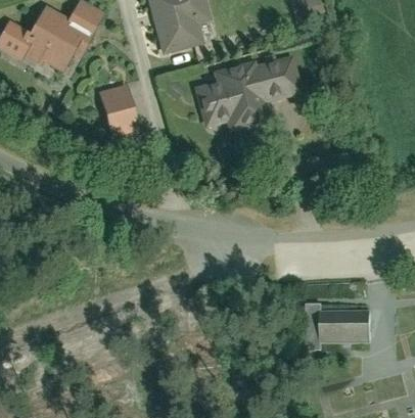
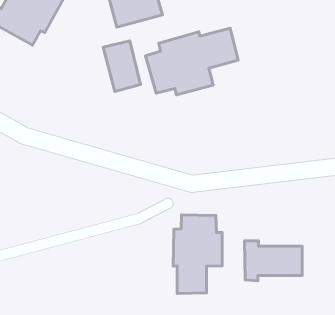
building: [97,84,140,142] -> [103,41,141,92]
building: none -> [173,215,222,293]

